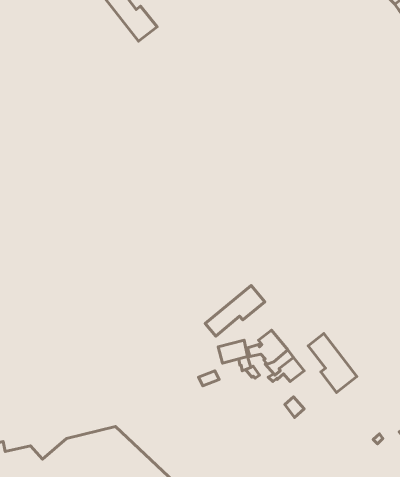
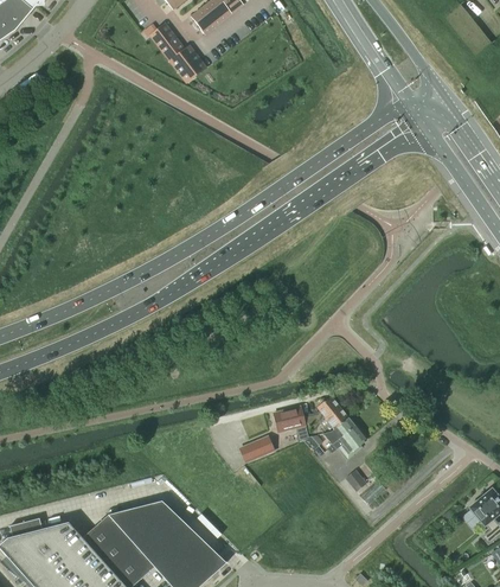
building: [205,285,265,336] -> none
building: [308,334,357,393] -> none

